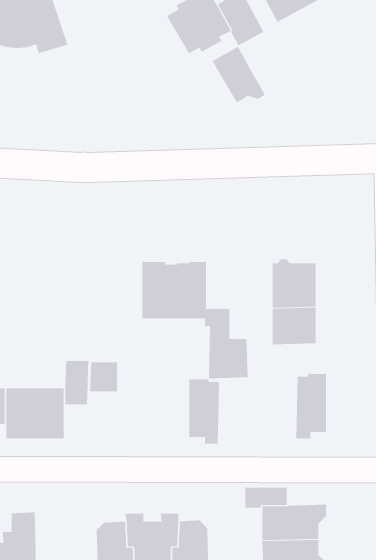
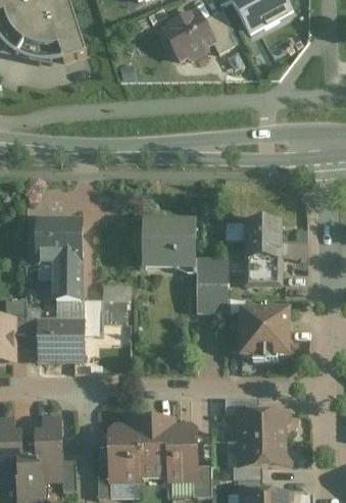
building: [212,46,265,103] -> none
building: none -> [39,221,81,300]
building: [188,379,220,444] -> [241,309,265,360]

